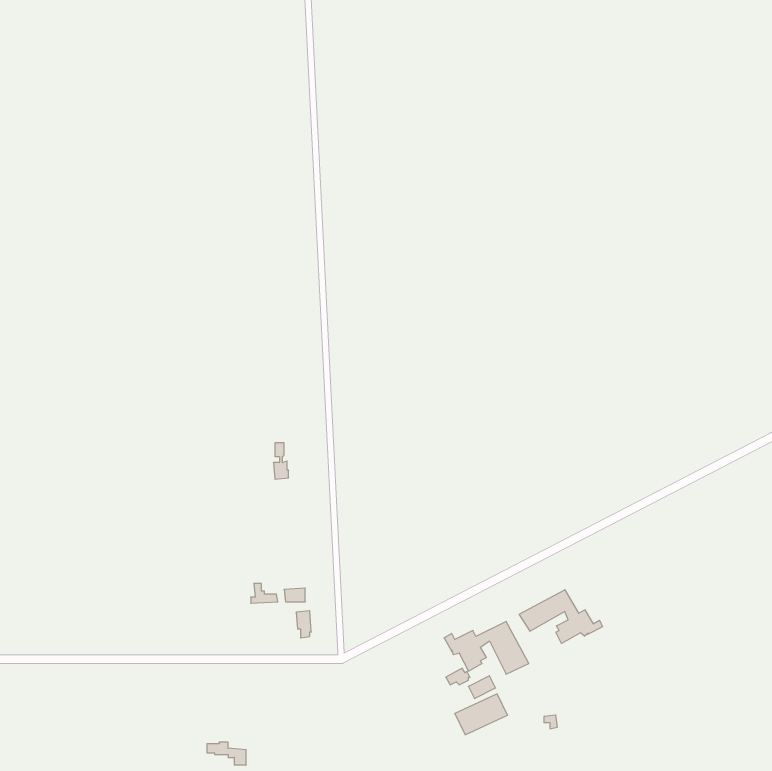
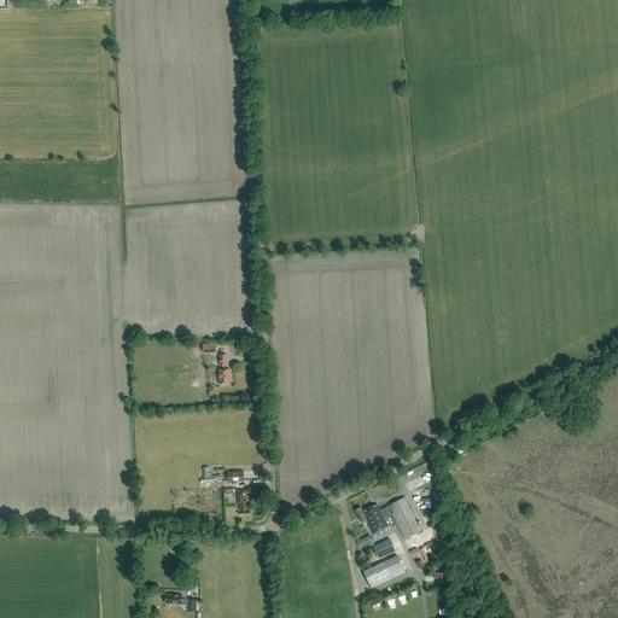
building: [519,590,602,643] -> none

